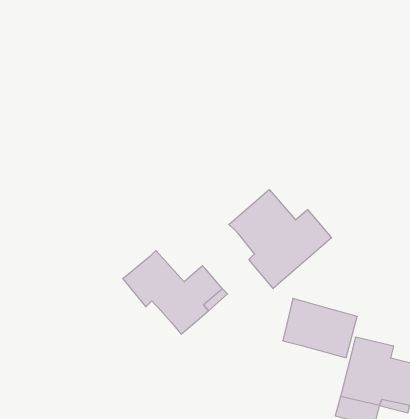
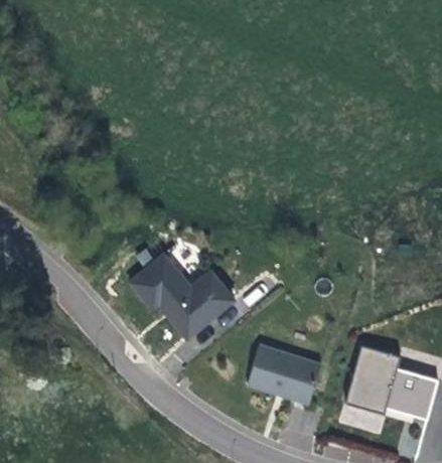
building: [229,190,331,289] -> none
building: [283,298,357,358] -> [248,344,322,404]

